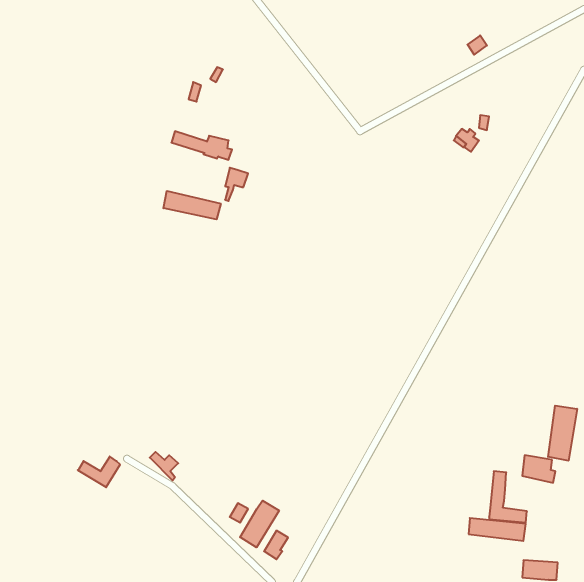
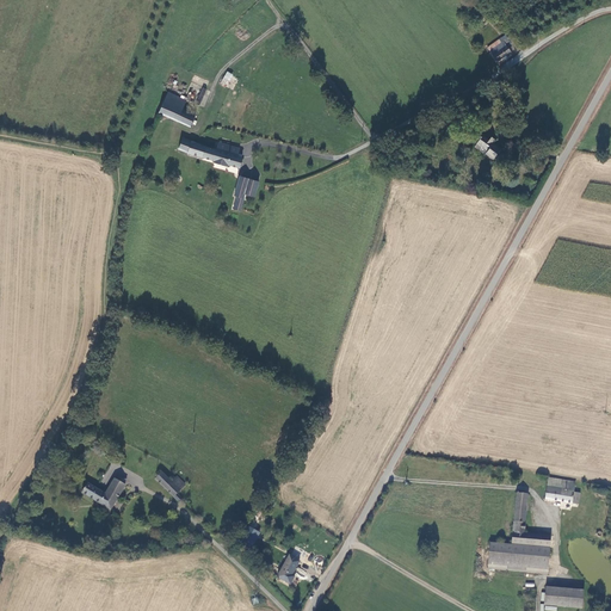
building: none -> [159,91,196,126]
building: [163,191,221,219] -> none
building: [548,406,577,461] -> none
building: [240,501,279,547] -> none

